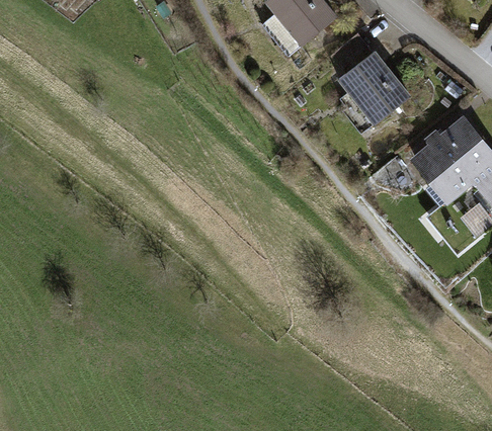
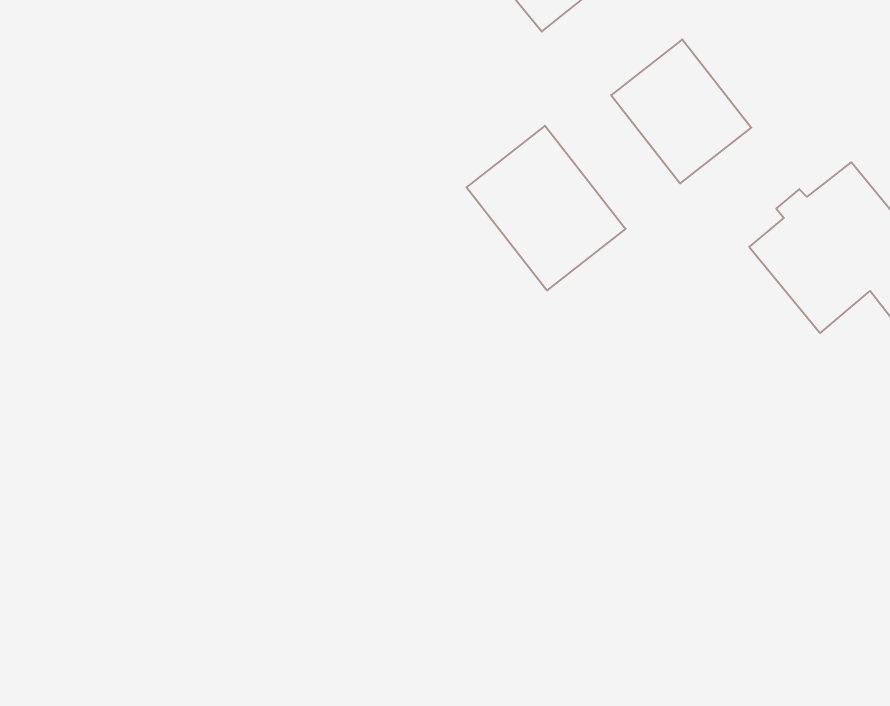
building: none -> [466,126,626,290]

